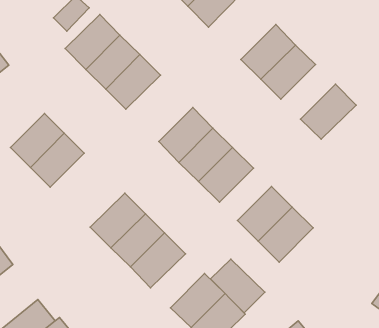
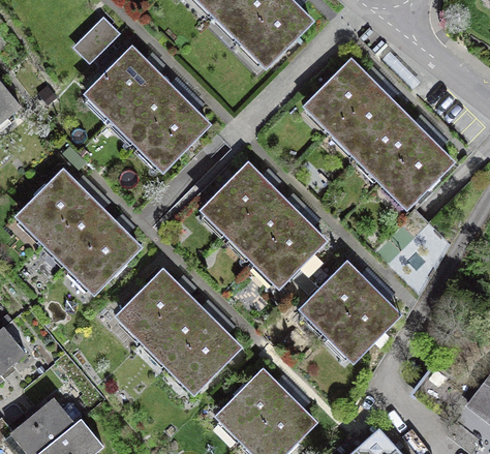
building: none -> [358,111,426,179]
building: none -> [70,221,139,290]
building: [210,259,265,313] -> none

